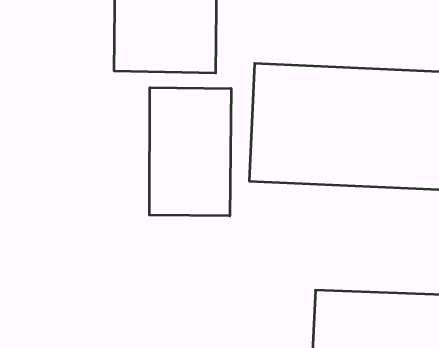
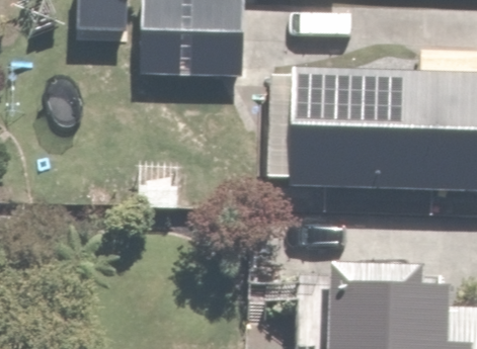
building: [149,88,231,216] -> none

